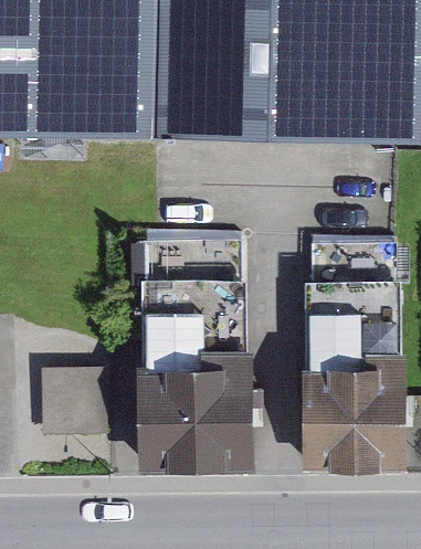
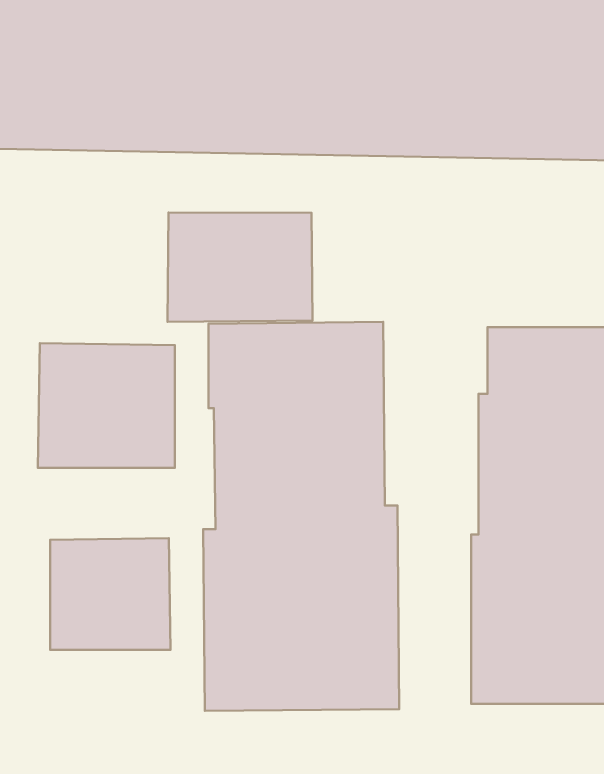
building: none -> [168,213,313,322]
building: none -> [38,343,175,468]

